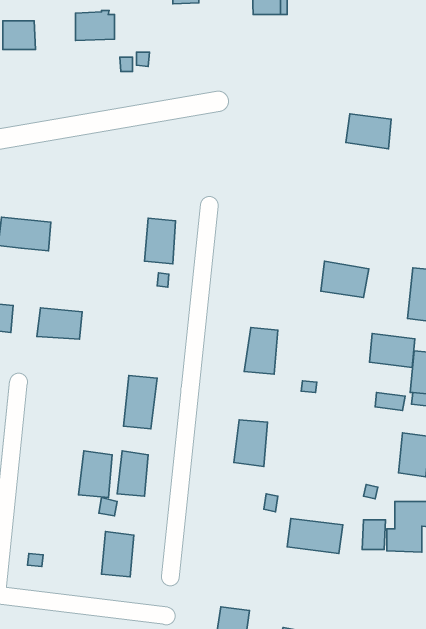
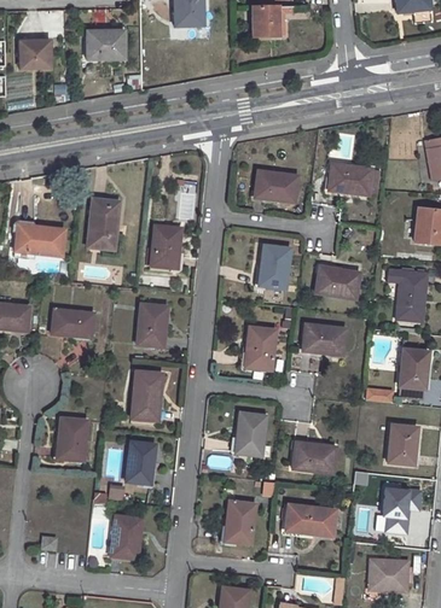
building: [346,114,391,149] -> [329,163,371,195]
building: none -> [254,170,297,201]
building: none -> [88,198,120,249]
building: none -> [259,245,290,288]
building: none -> [138,303,167,346]
building: [370,334,415,367] -> [303,323,346,355]
building: [79,451,112,498] -> [57,416,88,460]
building: none -> [292,442,335,473]
building: none -> [225,499,255,543]
building: none -> [370,559,407,590]

